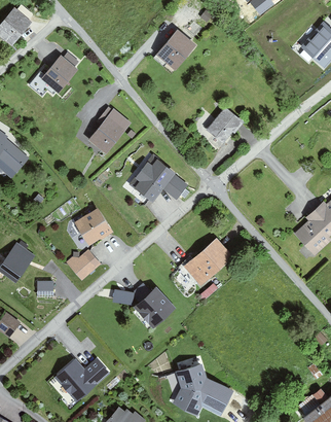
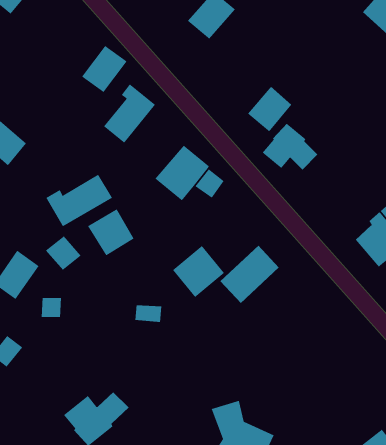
building: [40,54,78,93] -> [81,45,127,93]
building: none -> [262,123,318,170]
building: none -> [45,174,113,227]
building: [66,251,96,280] -> [45,236,82,271]
building: [133,286,176,329] -> [172,245,225,298]

